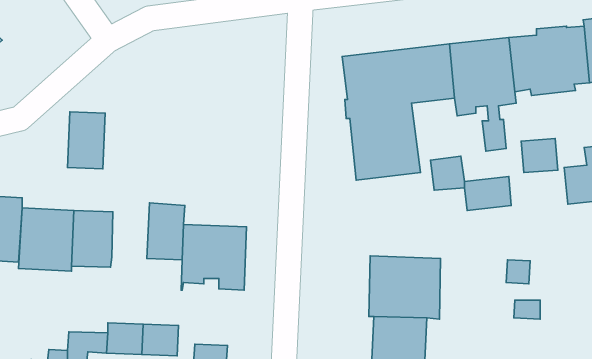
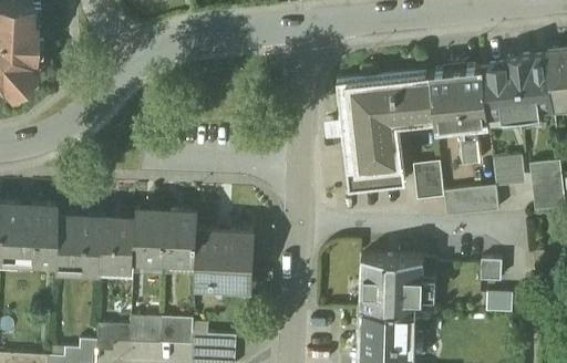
building: [67,112,105,169] -> [133,210,166,260]

